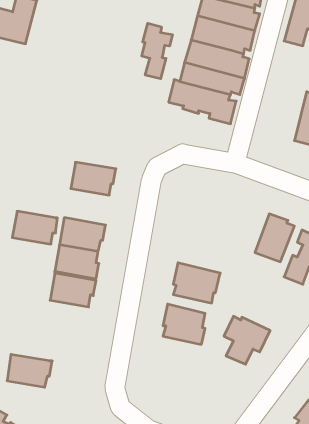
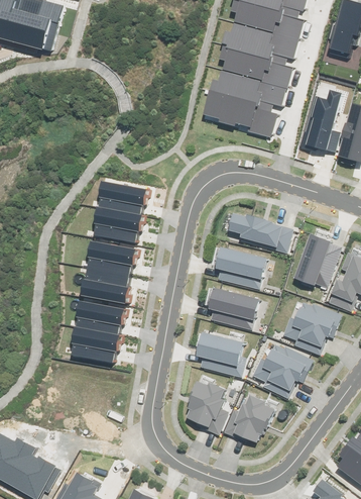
building: [142,23,172,79] -> none
building: none -> [304,88,342,149]
building: none -> [228,213,290,252]
building: [12,211,57,244] -> [94,207,142,242]
building: none -> [216,246,266,289]
building: none -> [292,302,341,353]
building: none -> [184,382,226,434]
building: [7,354,52,387] -> [73,327,121,363]
building: none -> [234,394,275,440]

